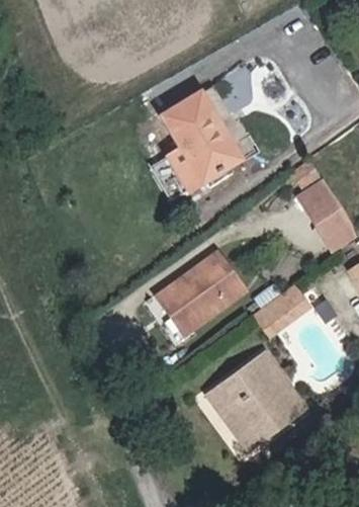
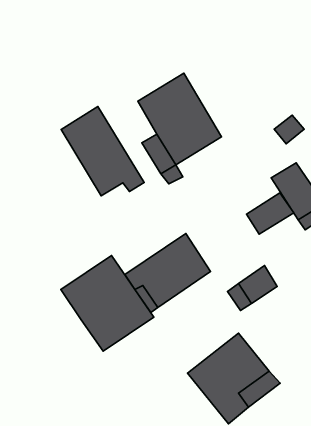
building: none -> [61,107,144,196]
building: none -> [246,193,294,234]
building: none -> [61,255,154,351]

